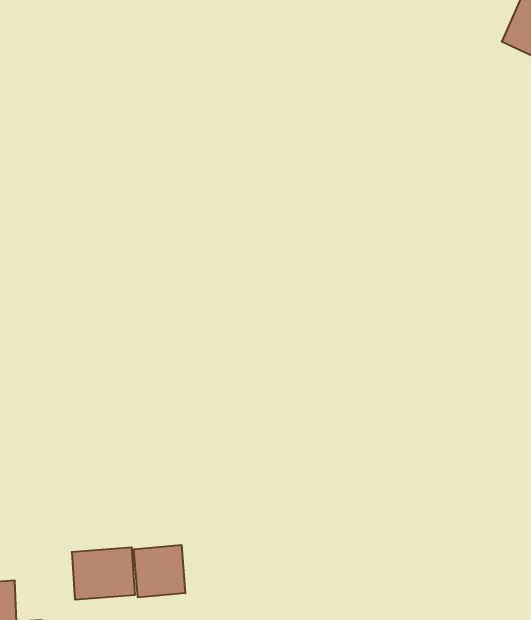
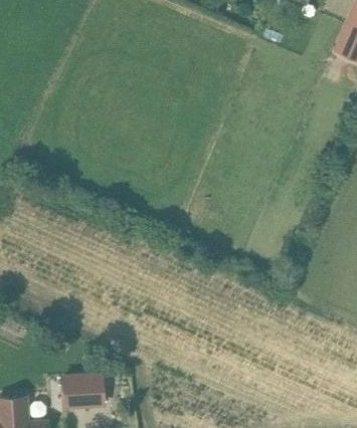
building: [134,545,185,597] -> none

